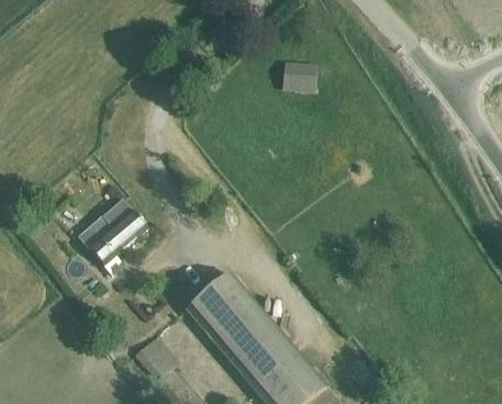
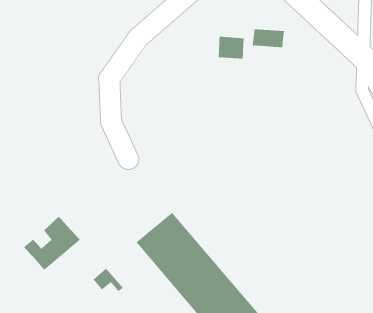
building: none -> [252,28,285,48]
building: [78,198,147,263] -> [23,216,81,271]

